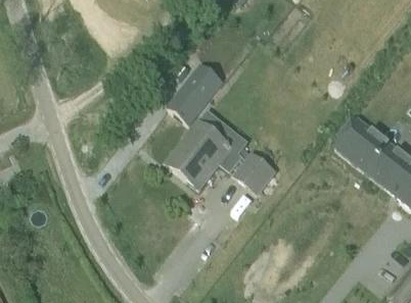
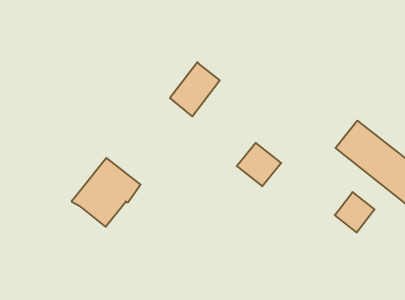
building: [170,114,236,181] -> [72,158,141,227]
building: none -> [335,192,375,233]

